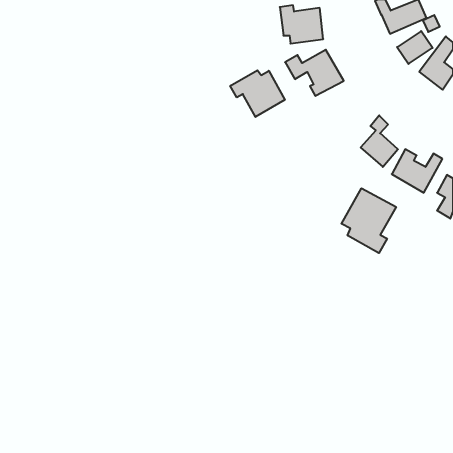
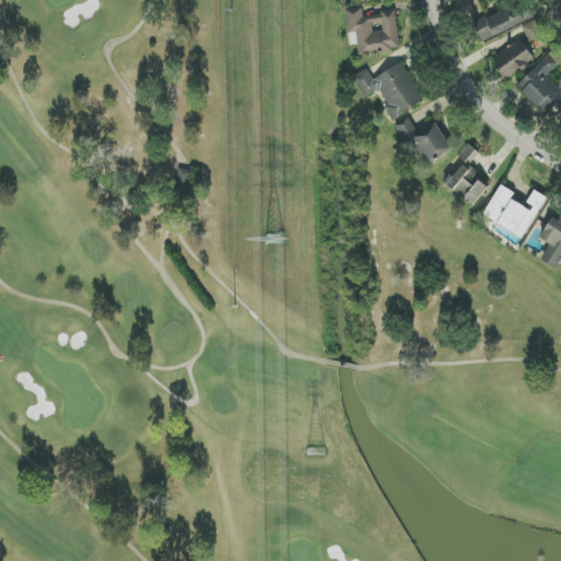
building: [230,70,285,117] -> none
building: none -> [394,116,451,163]
building: [341,188,396,253] -> none

